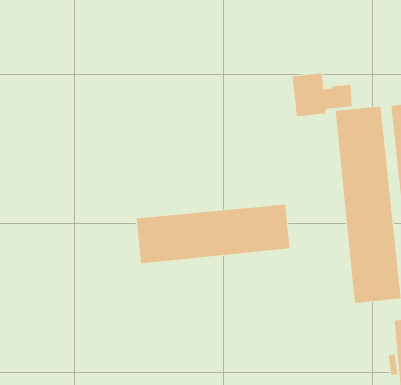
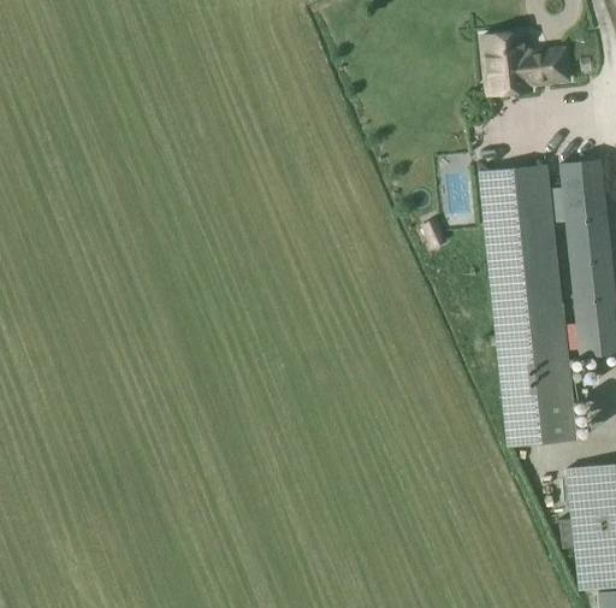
building: [292,73,353,117] -> [482,31,569,94]
building: [136,204,290,264] -> none

